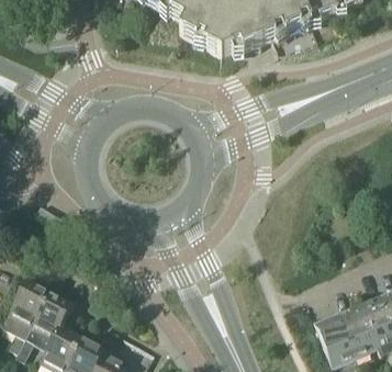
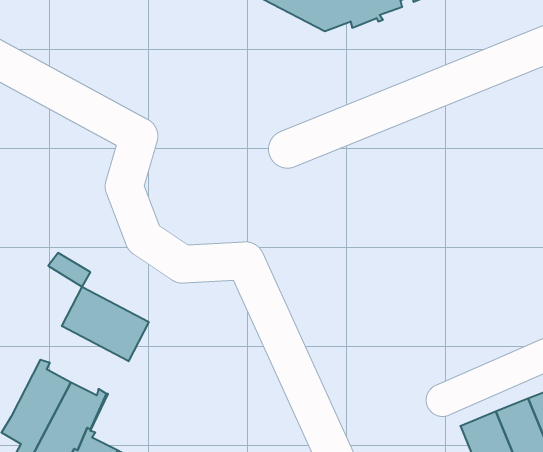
building: none -> [62,287,149,361]

